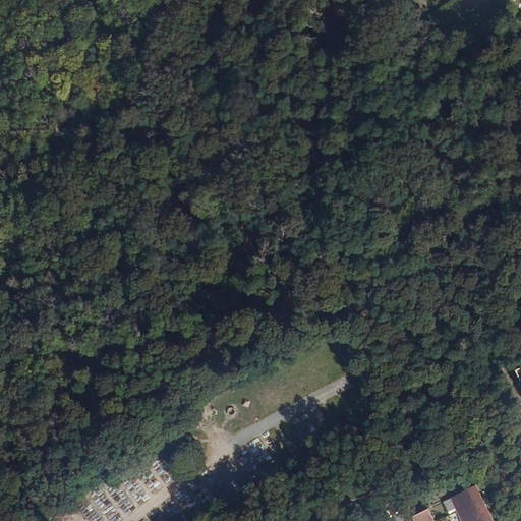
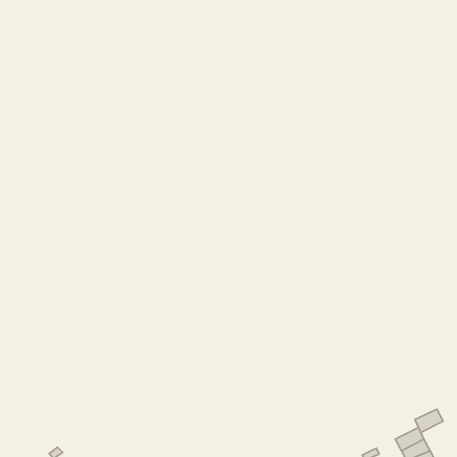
building: none -> [415,409,443,433]

